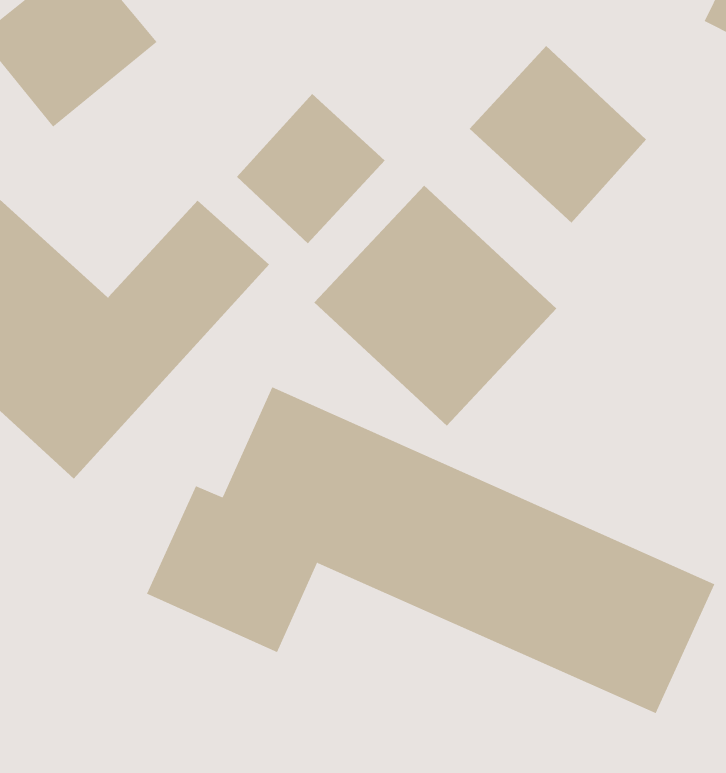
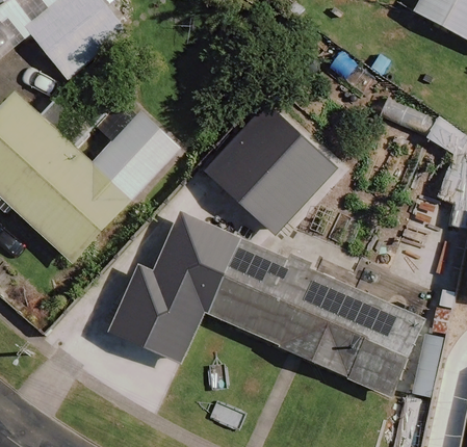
building: [469,45,647,224] -> none
building: [236,93,385,244] -> none

